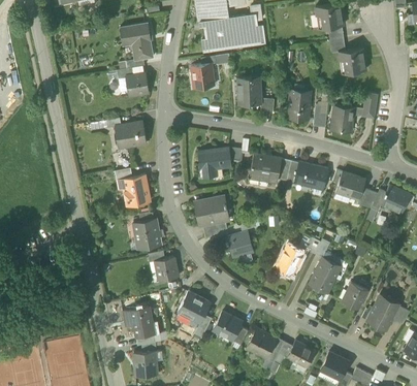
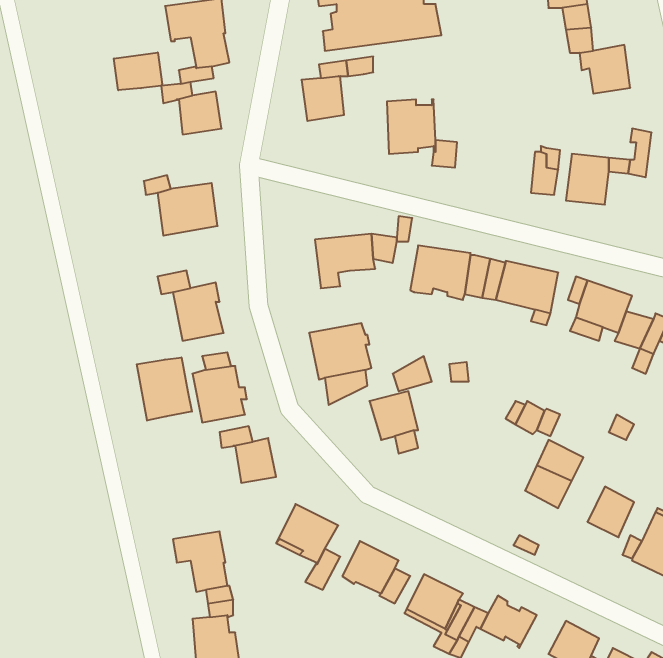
building: none -> [114,52,162,90]
building: [289,89,311,119] -> none
building: none -> [137,357,192,421]
building: [276,244,303,275] -> none

